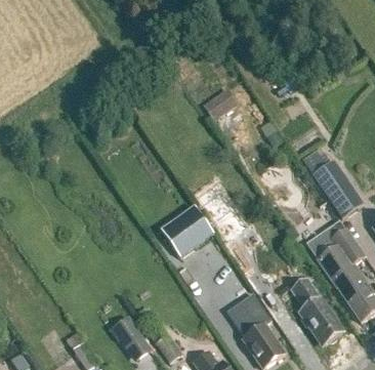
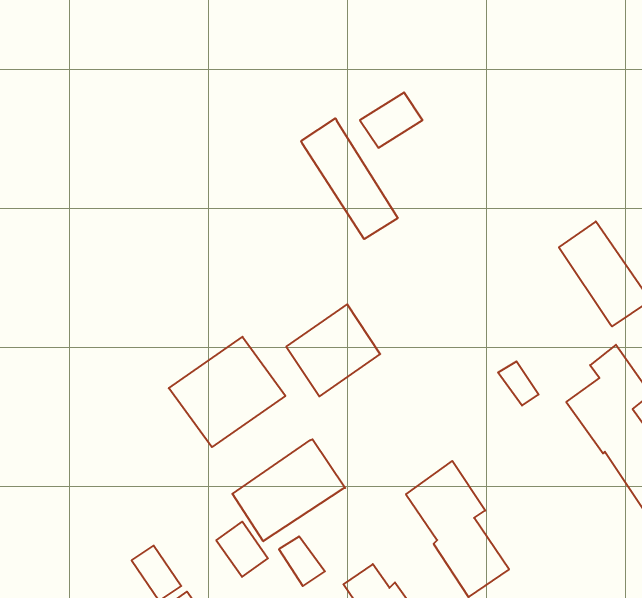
building: none -> [301,118,398,239]
building: none -> [169,337,285,447]
building: [291,277,341,343] -> none
building: none -> [232,439,345,541]

